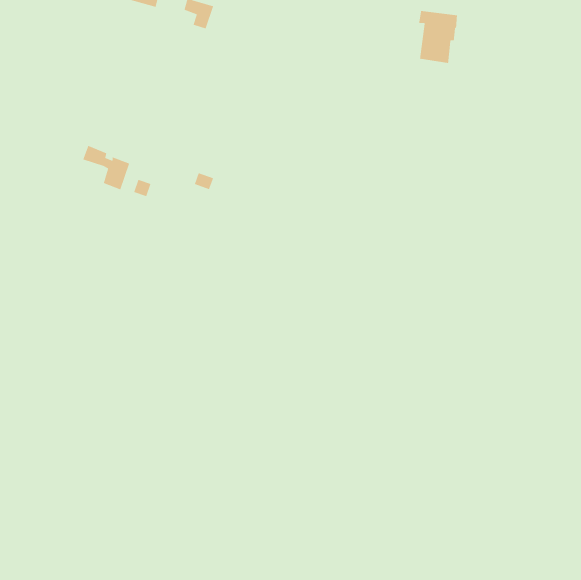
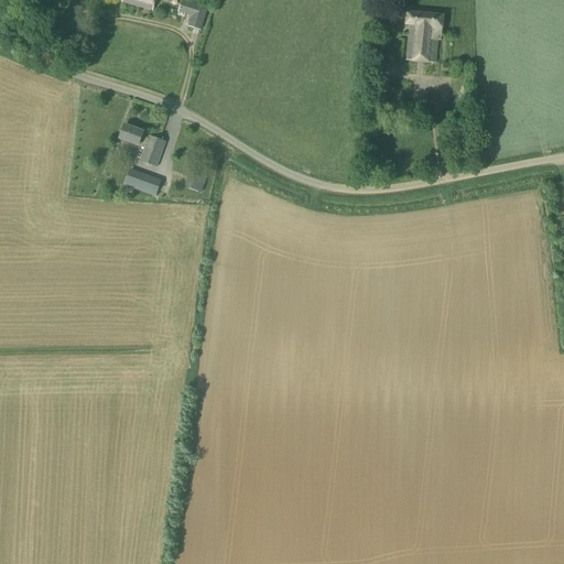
building: [82,145,130,190] -> [118,122,164,166]

